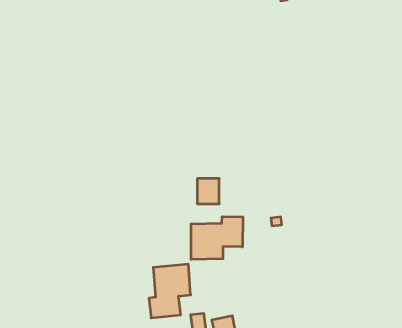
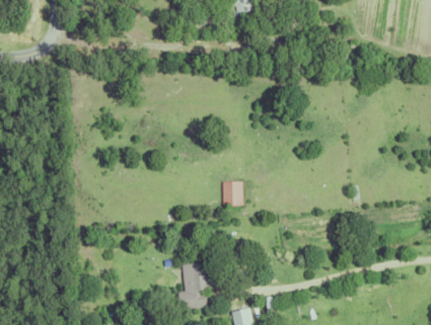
building: [191,217,243,259] -> none

